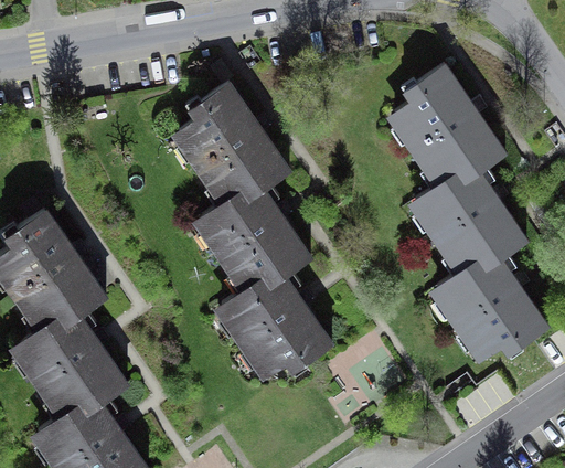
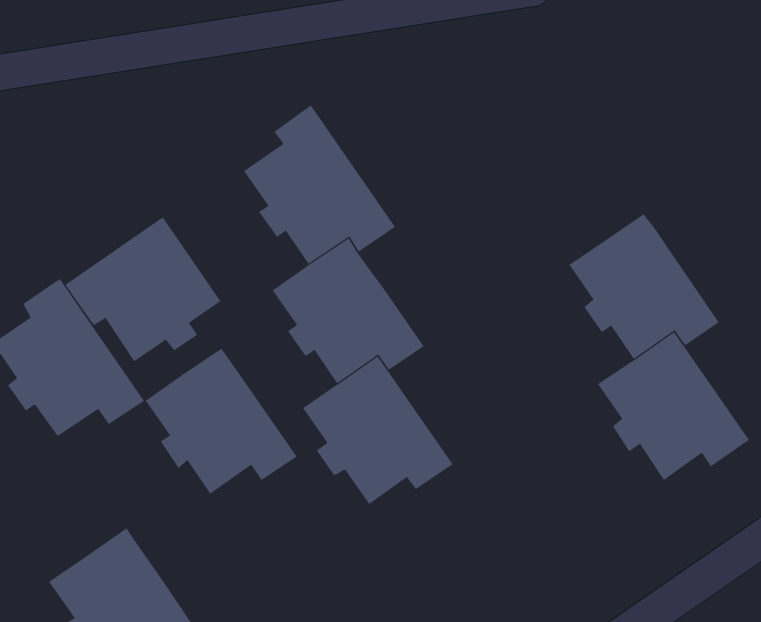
building: [393,67,504,183] -> none
building: none -> [64,217,221,362]
building: [15,307,127,414] -> [145,348,298,494]

